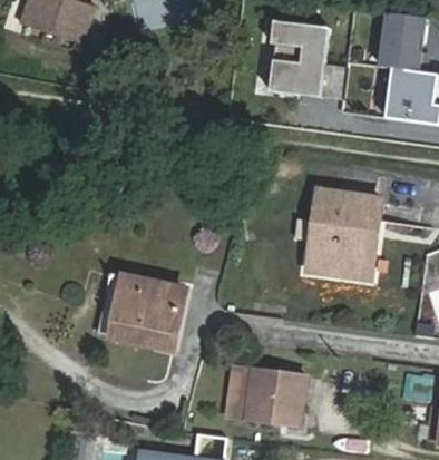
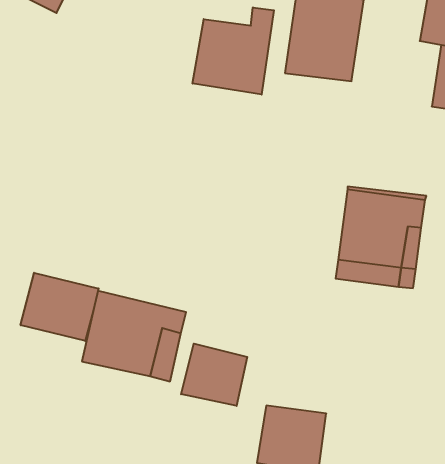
building: none -> [193,7,274,95]
building: none -> [21,273,99,341]
building: none -> [181,344,247,406]

